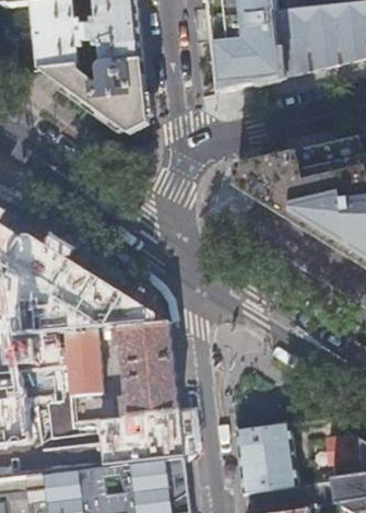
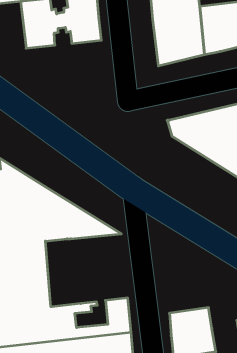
building: [40,57,150,131] -> none
building: [102,322,179,417] -> none
building: [67,328,103,421] -> none

